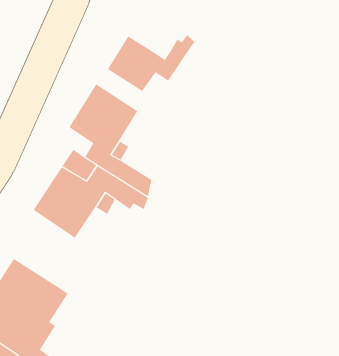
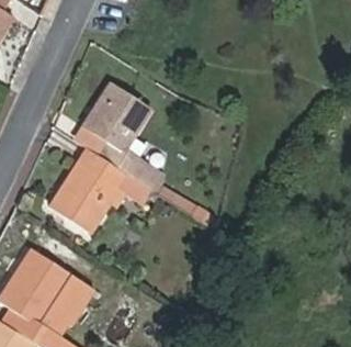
building: [107,34,195,92] -> none

